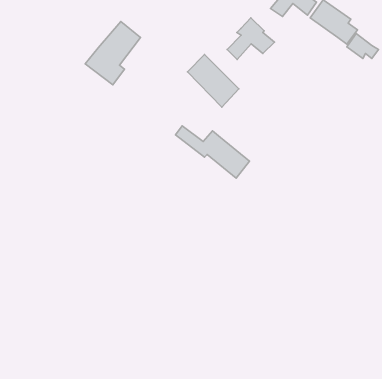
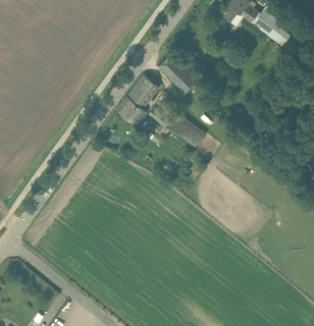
building: [227,18,274,60] -> none
building: [85,22,140,85] -> [116,75,159,124]

